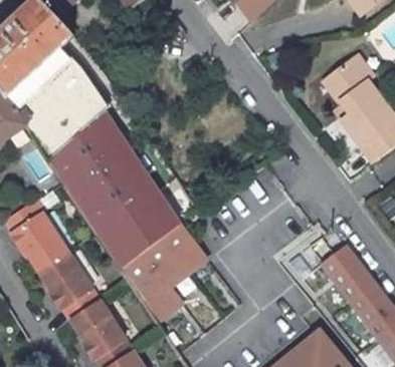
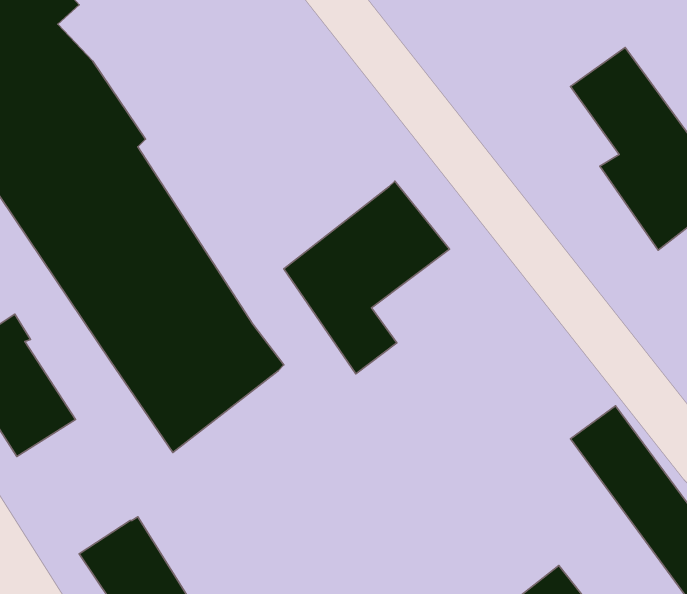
building: [121,225,206,324] -> [284,181,449,374]
building: [40,253,98,322] -> none

